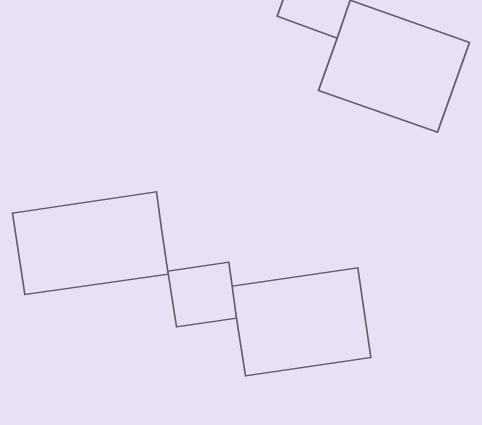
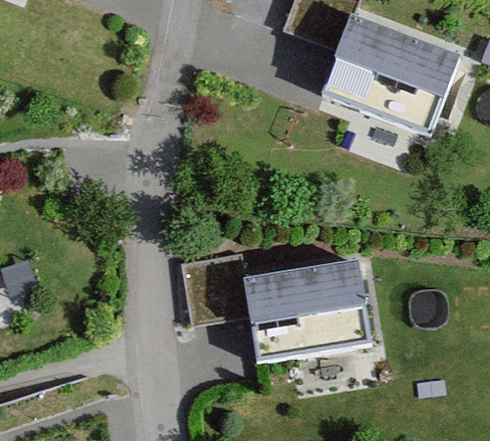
building: [13,192,168,295] -> none

